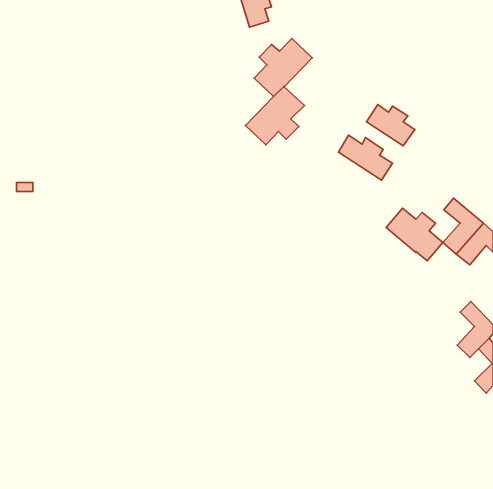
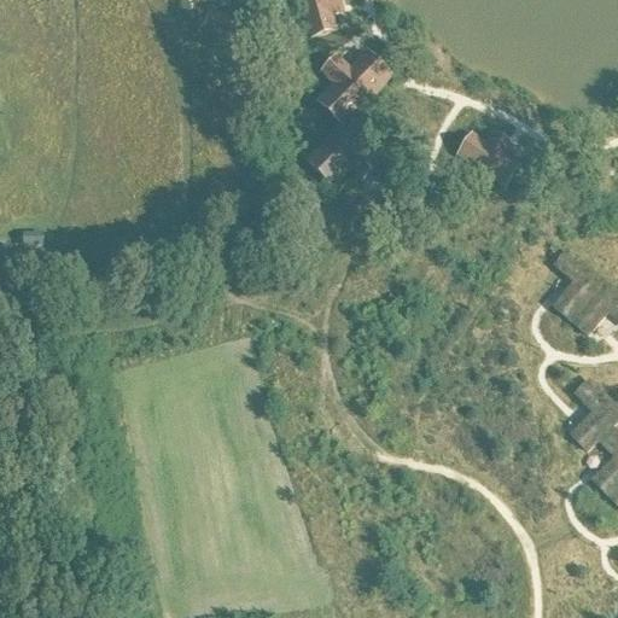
building: [339,135,392,180] -> none
building: [386,208,443,261] -> none

